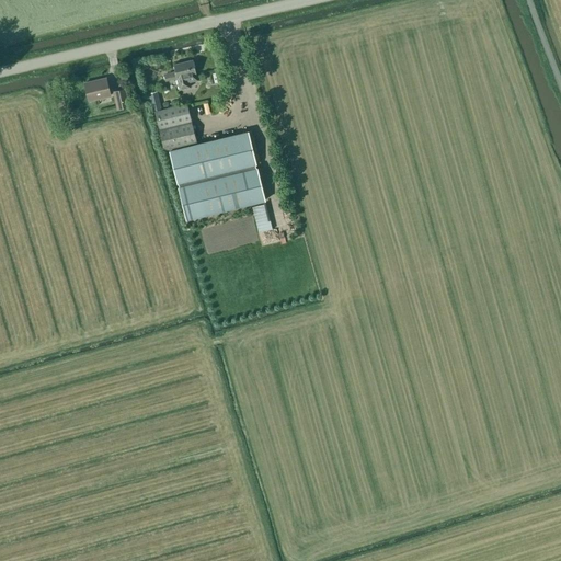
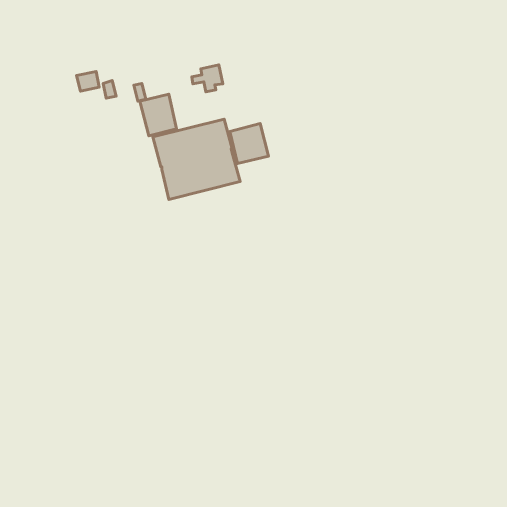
building: [163,60,197,90] -> [192,65,223,92]
building: none -> [230,124,268,163]

